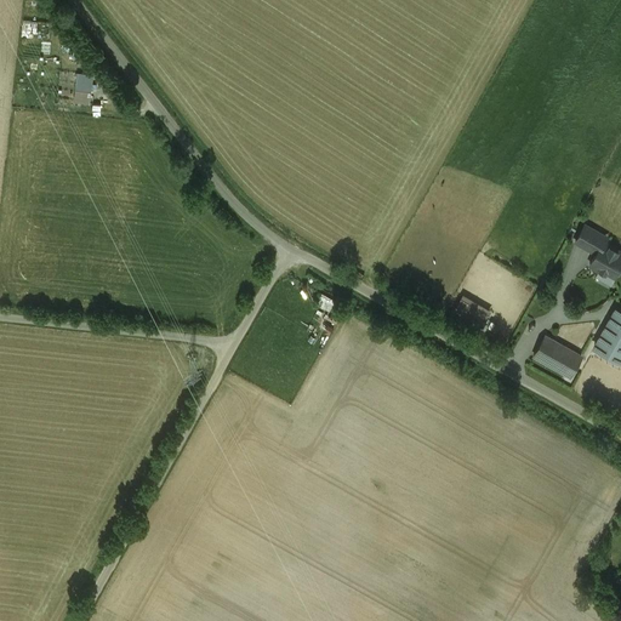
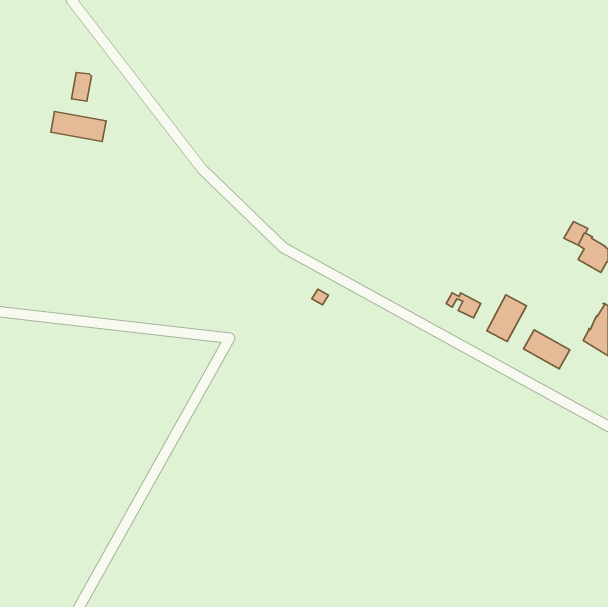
building: none -> [51,112,106,142]
building: none -> [487,295,526,342]

